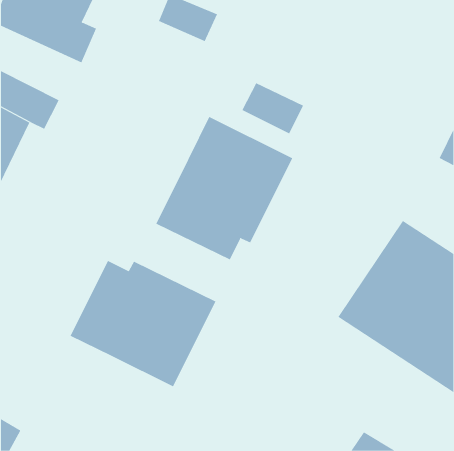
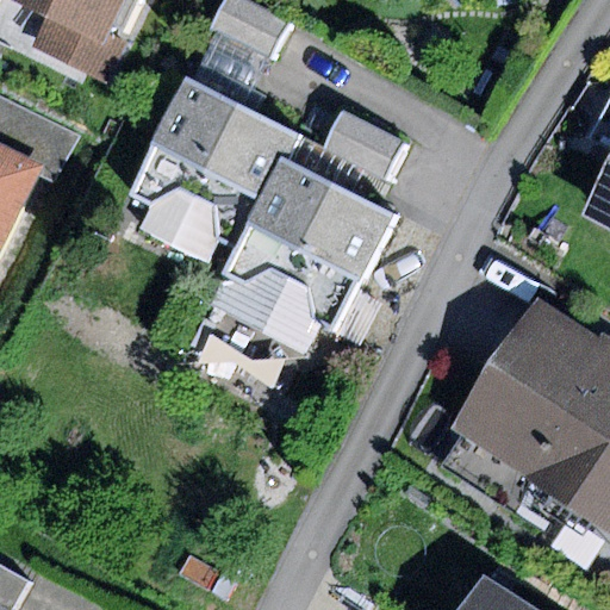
building: none -> [133,83,291,262]
building: [70,260,216,387] -> none

